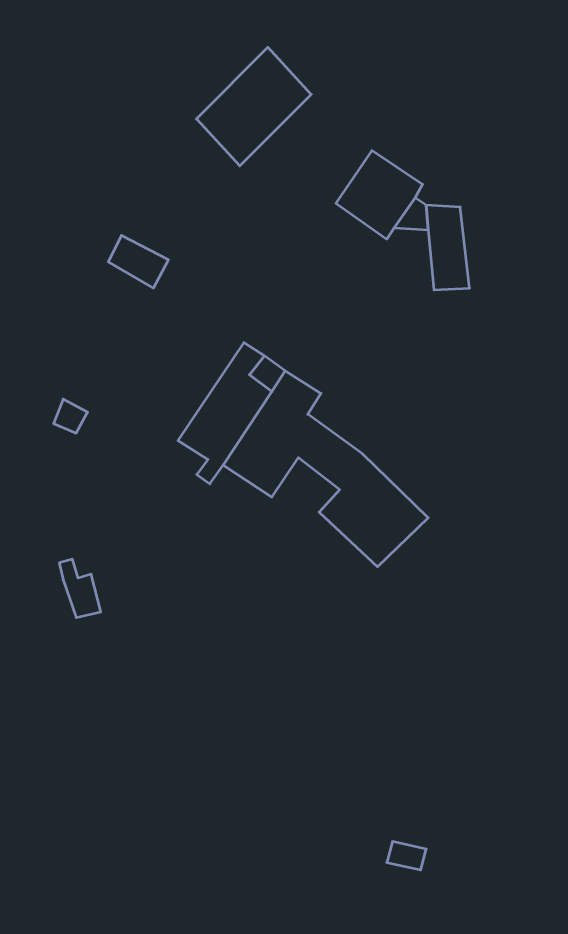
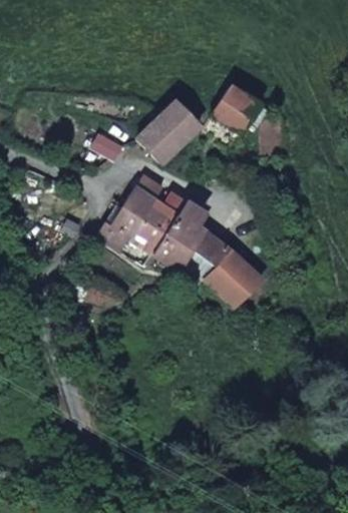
building: [196,47,311,166] -> [138,99,200,162]
building: none -> [97,174,163,250]

